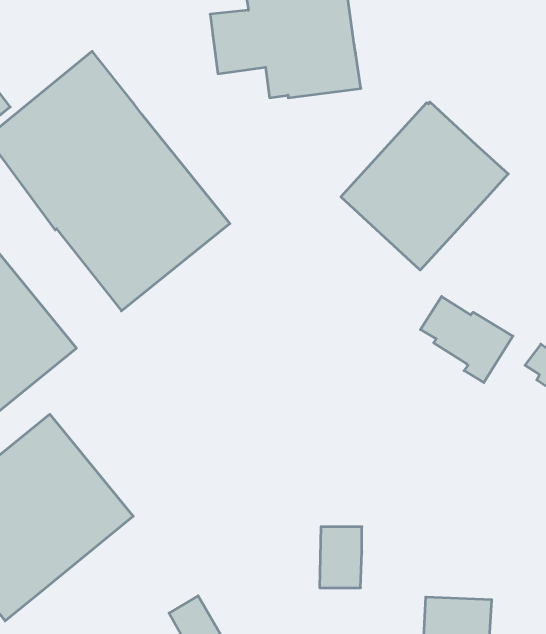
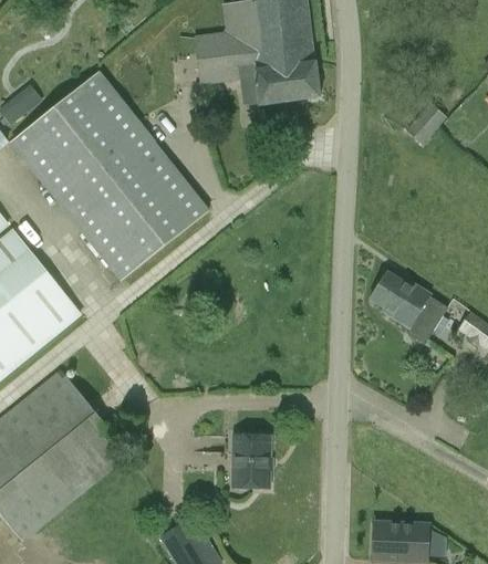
building: none -> [406,103,446,145]
building: [341,102,508,270] -> none
building: [320,527,362,588] -> [233,436,269,487]

